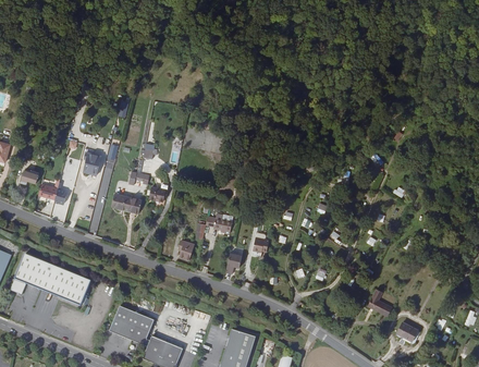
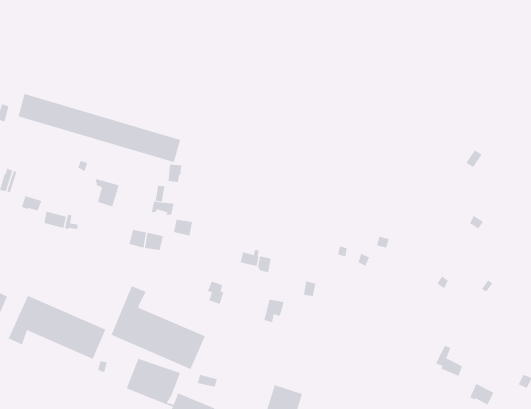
building: none -> [18,93,181,163]
building: none -> [111,286,206,370]

